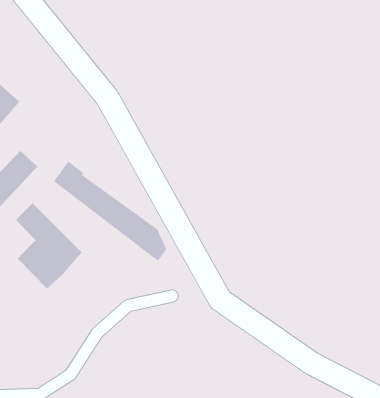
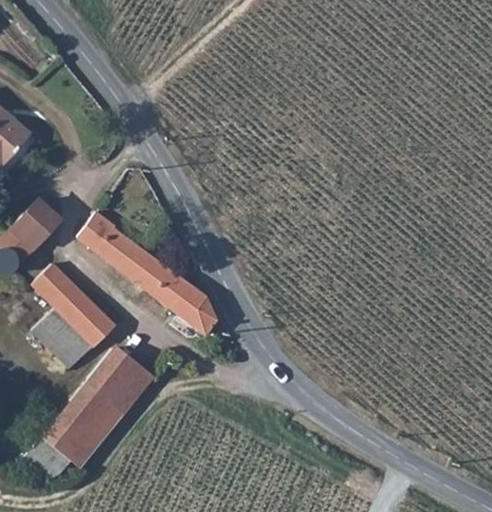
building: none -> [25,347,152,477]

